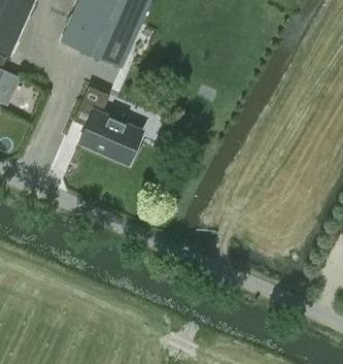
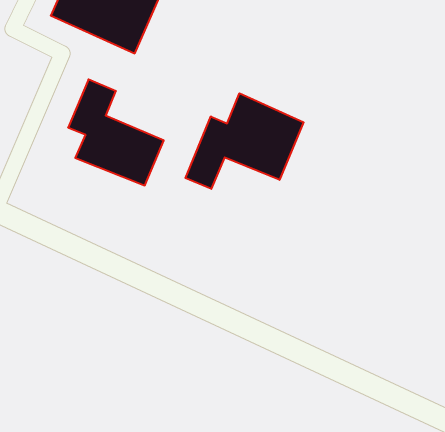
building: none -> [185,93,304,189]

